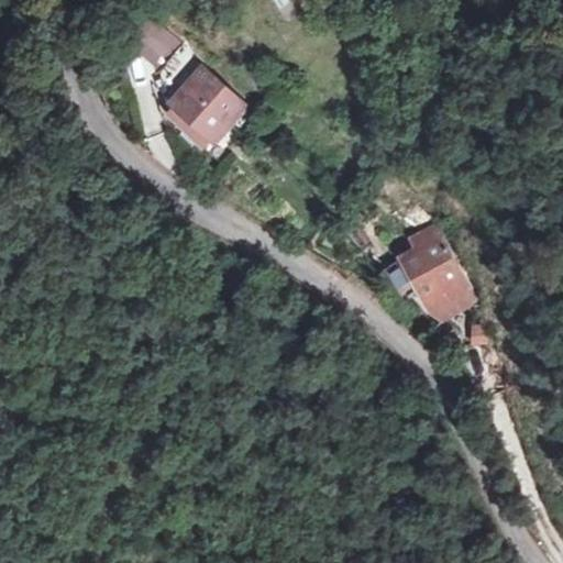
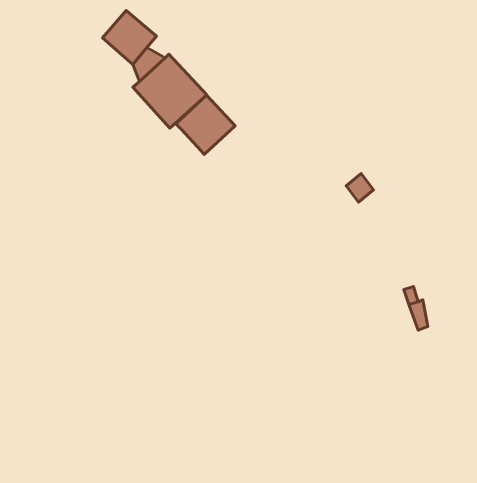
building: none -> [176,95,235,154]
building: [407,243,471,320] -> none

